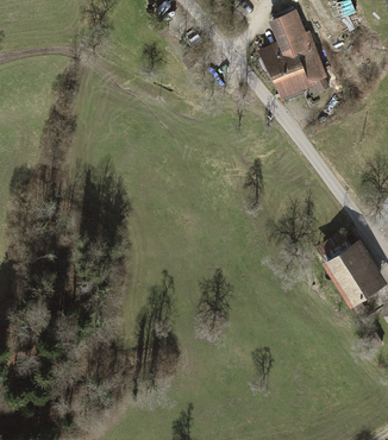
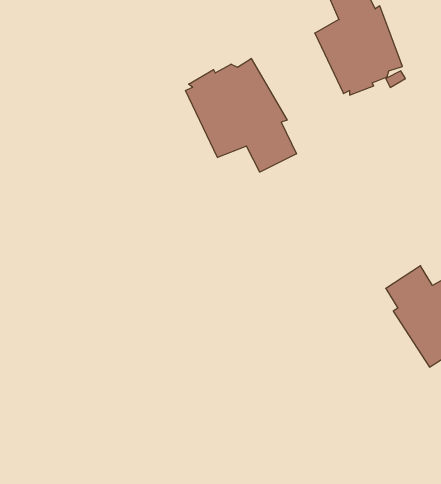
building: none -> [186,58,296,172]

